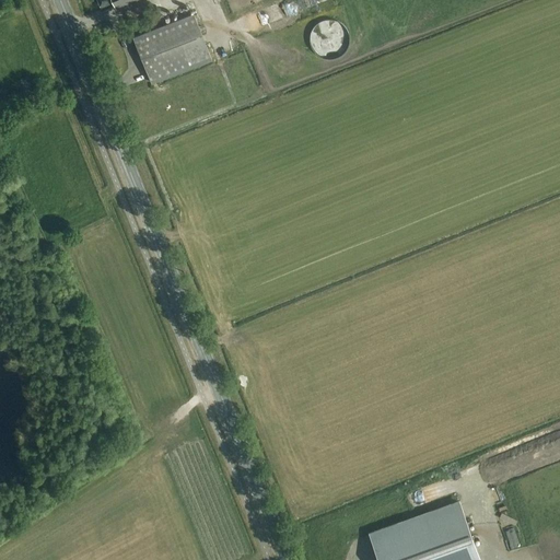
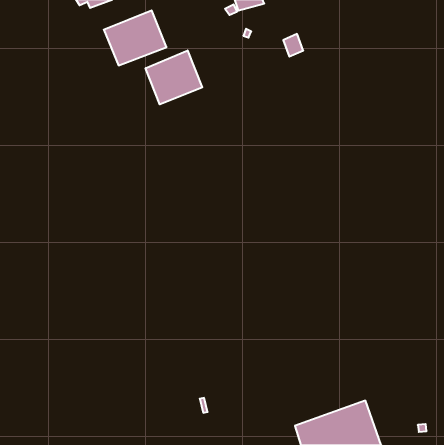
building: [315,26,340,55] -> [283,34,303,57]
building: none -> [146,50,202,104]

